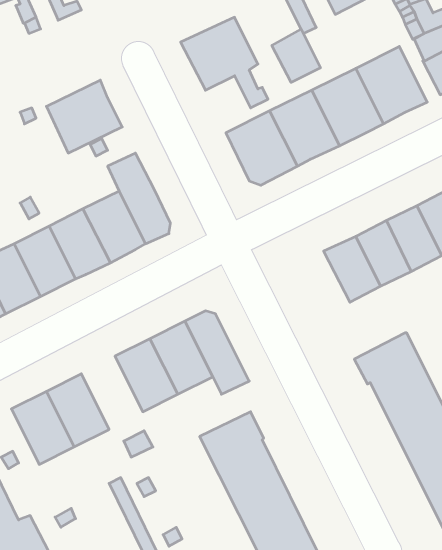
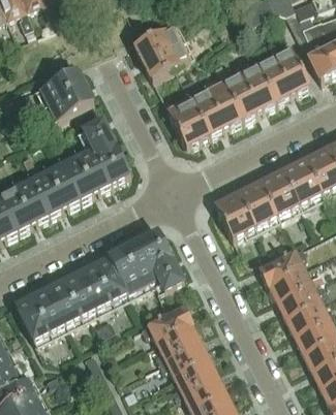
building: [272,29,320,82] -> none
building: none -> [216,191,254,238]
building: none -> [64,265,108,317]

